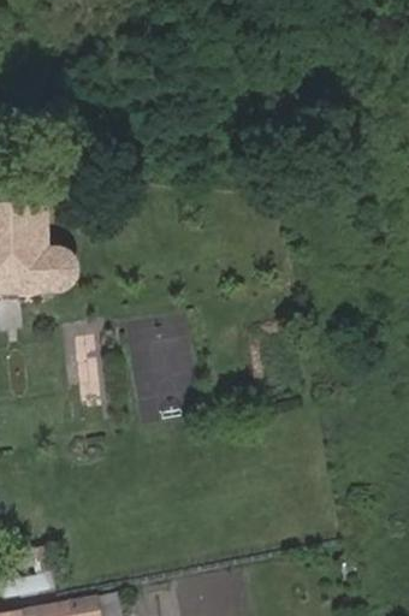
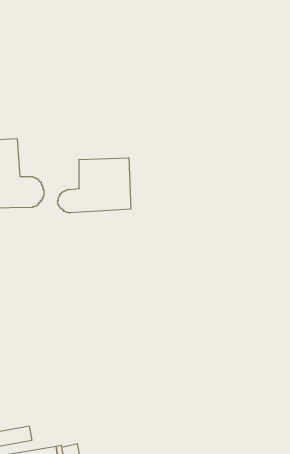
building: none -> [58,158,131,213]

